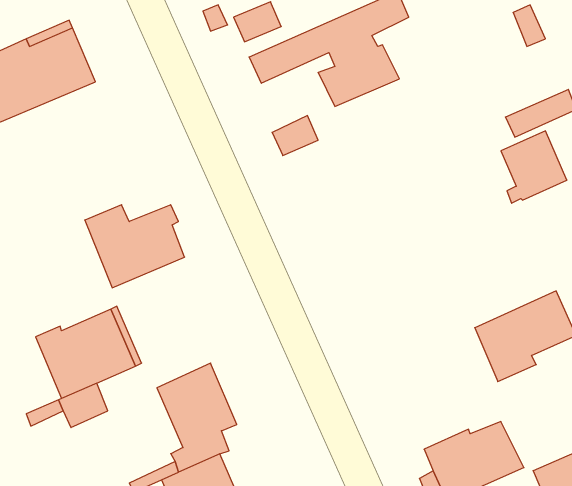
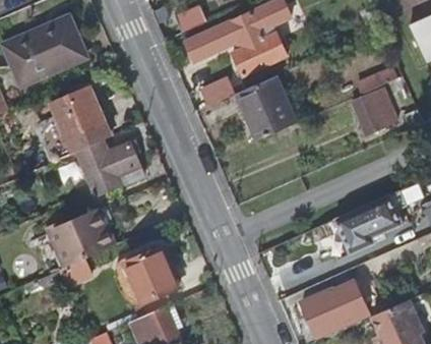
building: none -> [237,77,297,141]
building: none -> [53,85,110,152]

